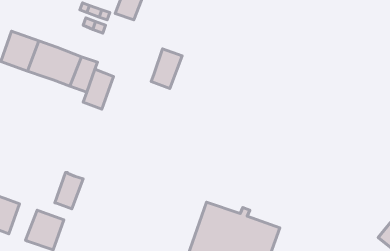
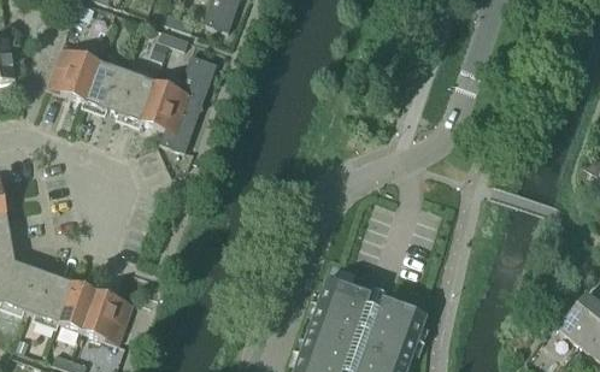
building: [151,49,182,89] -> [173,53,216,107]
building: [55,173,83,209] -> [57,281,95,330]

